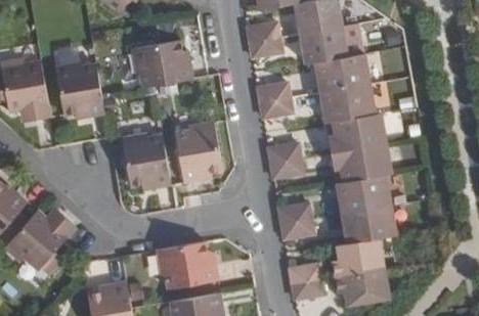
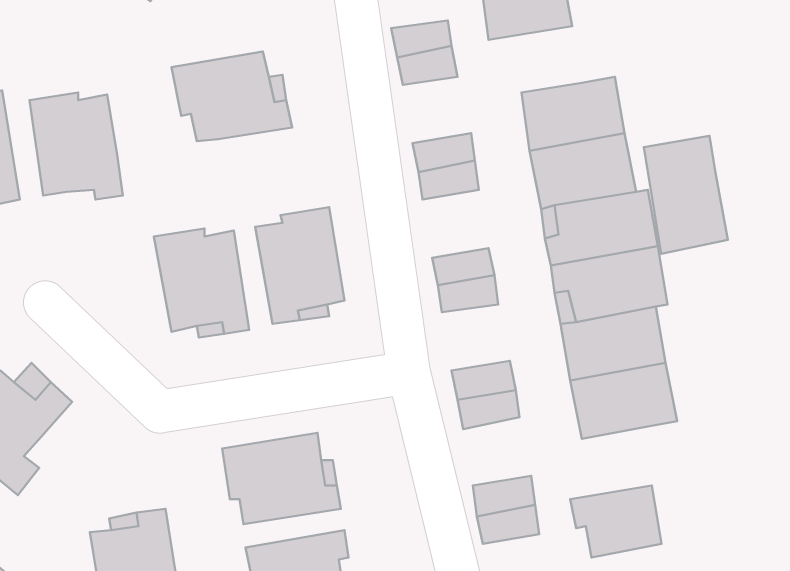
building: [297,27,346,63] -> none
building: none -> [644,136,728,254]
building: [337,237,383,275] -> none

